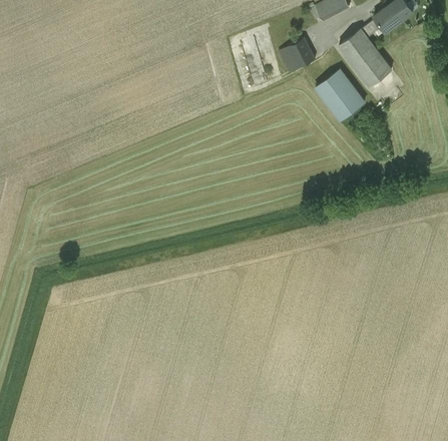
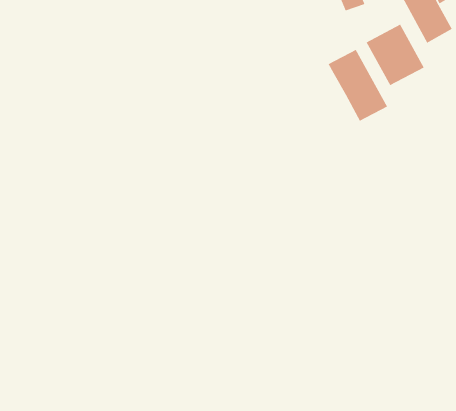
building: none -> [327,49,388,122]

